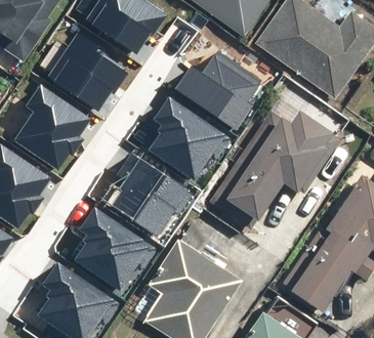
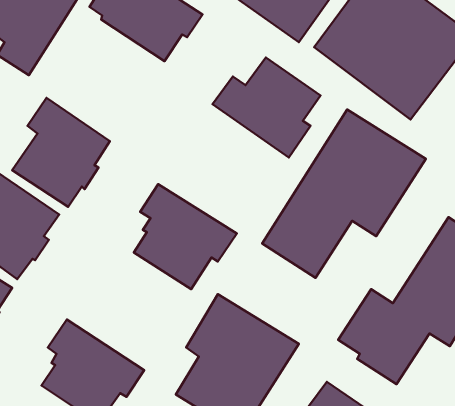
building: [45,31,128,111] -> none
building: [147,95,231,181] -> none
building: [73,206,156,291] -> none

